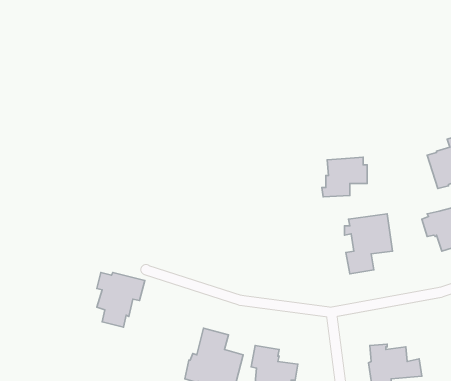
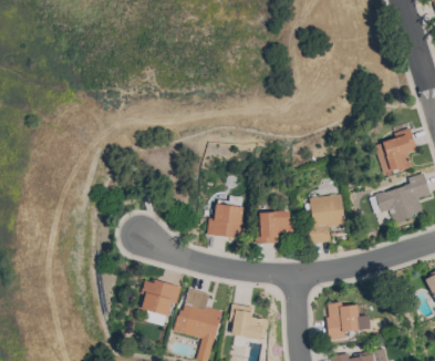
building: [322,157,367,197] -> [256,210,293,244]
building: none -> [207,196,246,238]
building: [97,273,145,327] -> [142,280,182,326]

